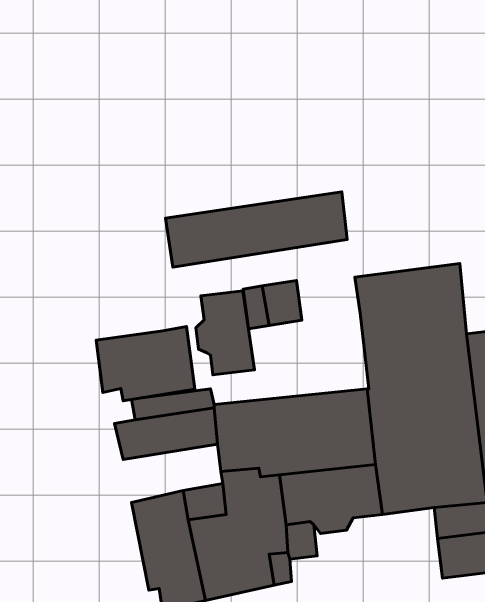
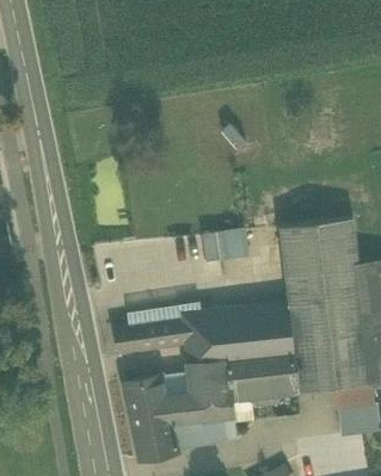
building: [165,192,347,267] -> none
building: [196,291,255,375] -> none
building: [96,326,195,401] -> none

